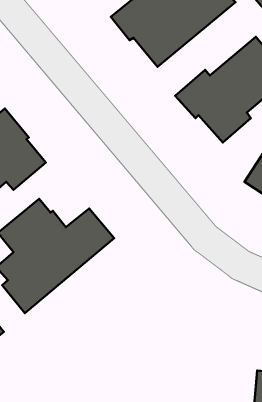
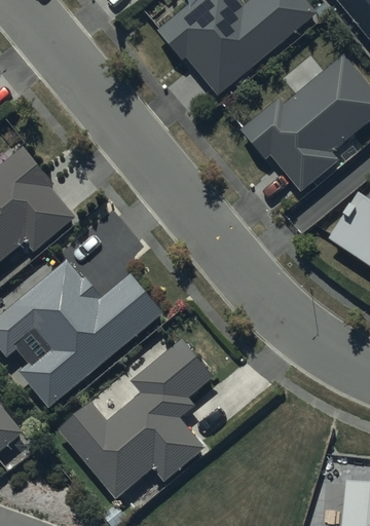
building: none -> [58,340,213,499]

